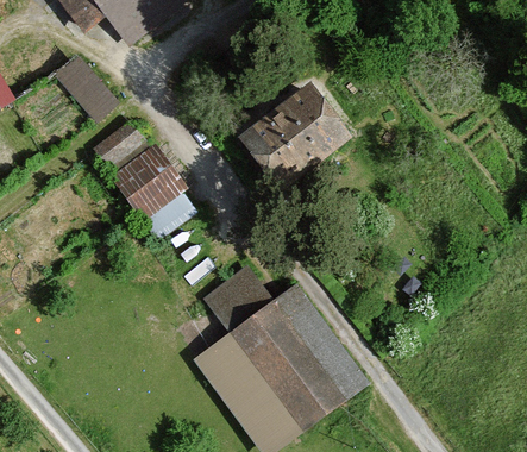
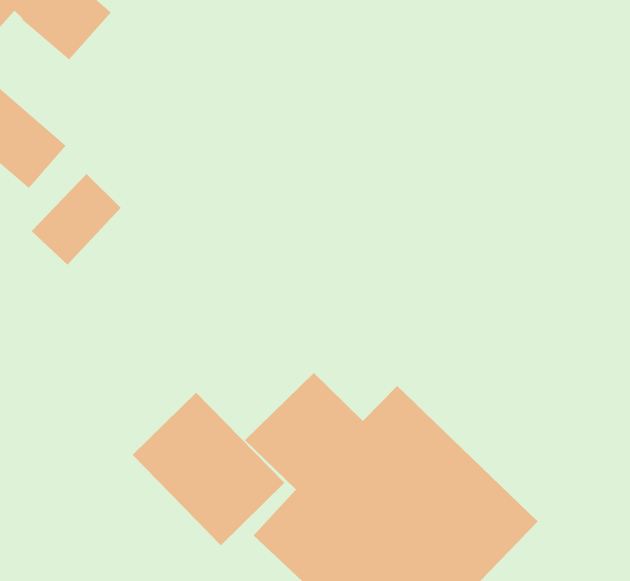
building: [241,77,363,193] -> none
building: [109,144,201,241] -> [132,392,285,546]

